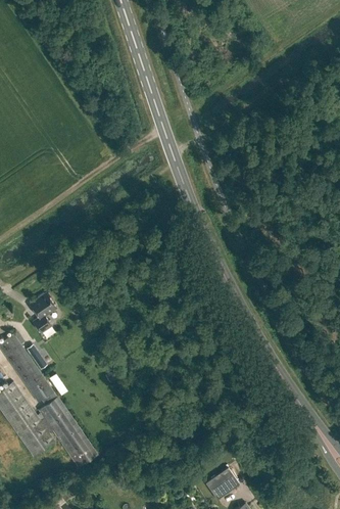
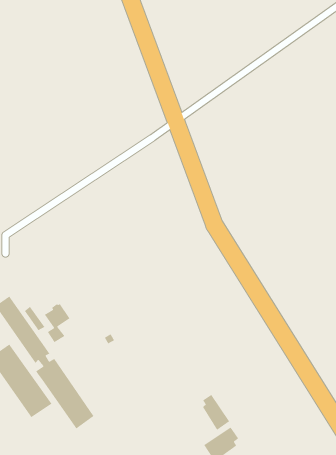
building: [30,292,56,332] -> [44,303,71,343]
building: none -> [202,394,230,431]

